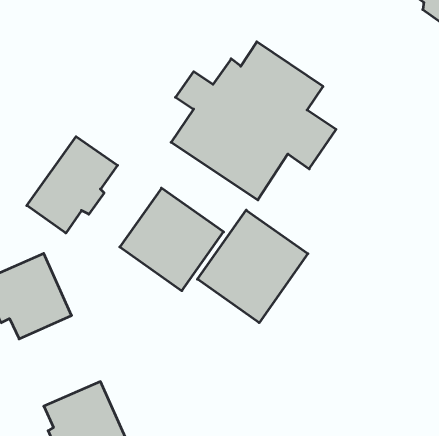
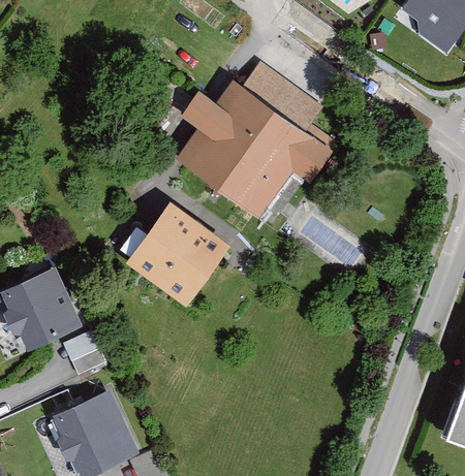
building: [27,137,118,233] -> none
building: [197,210,308,323] -> none

